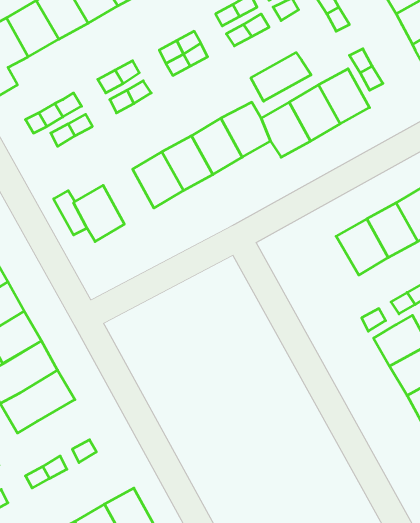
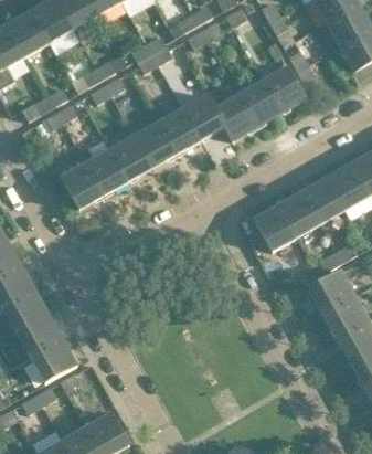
building: [251,53,311,101] -> none
building: none -> [86,149,128,194]
building: none -> [254,204,297,250]
building: none -> [32,339,77,381]

